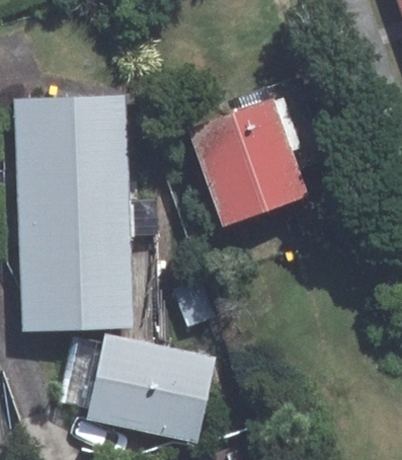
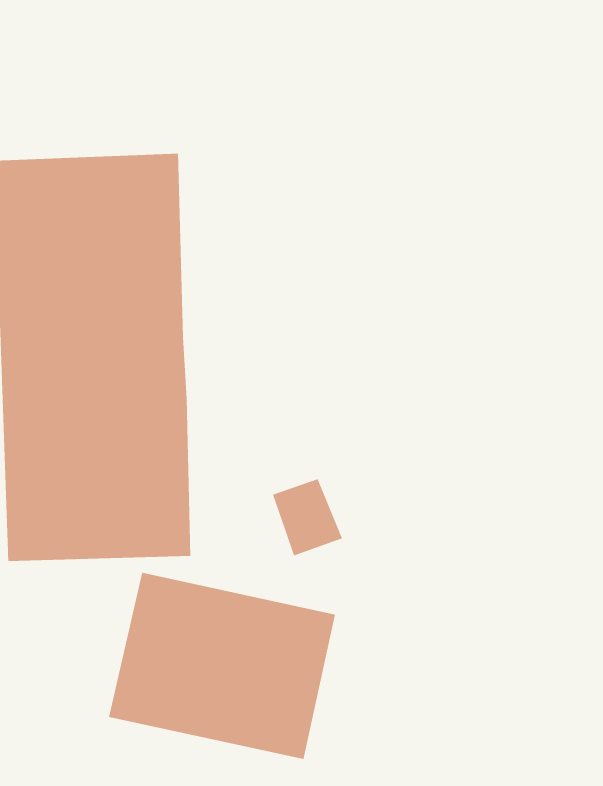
building: [182,96,303,225] -> none

